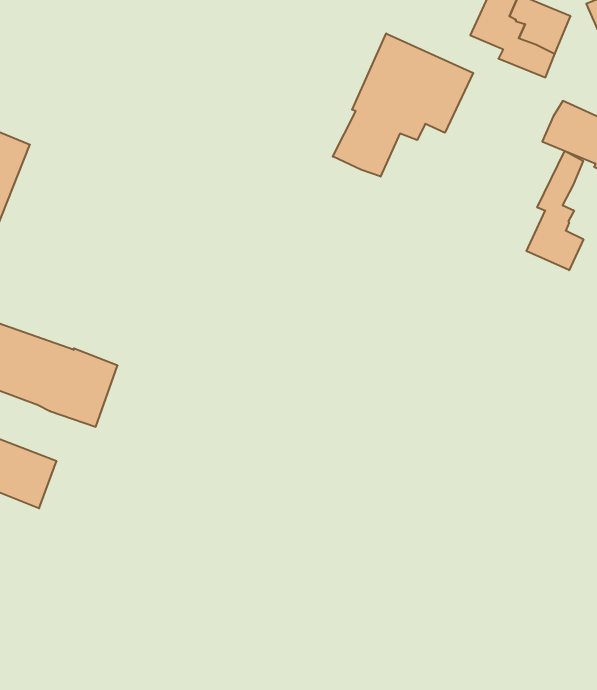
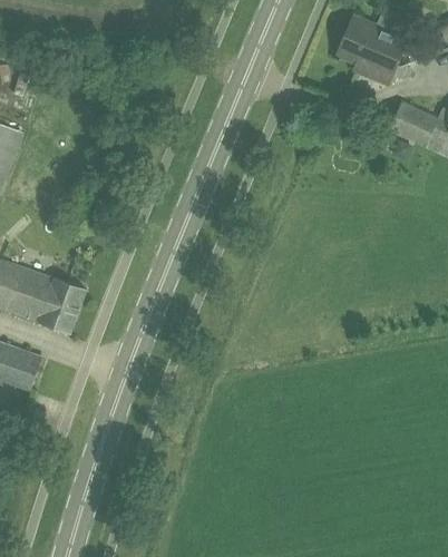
building: [333,33,473,177] -> none
building: [526,151,583,270] -> none

